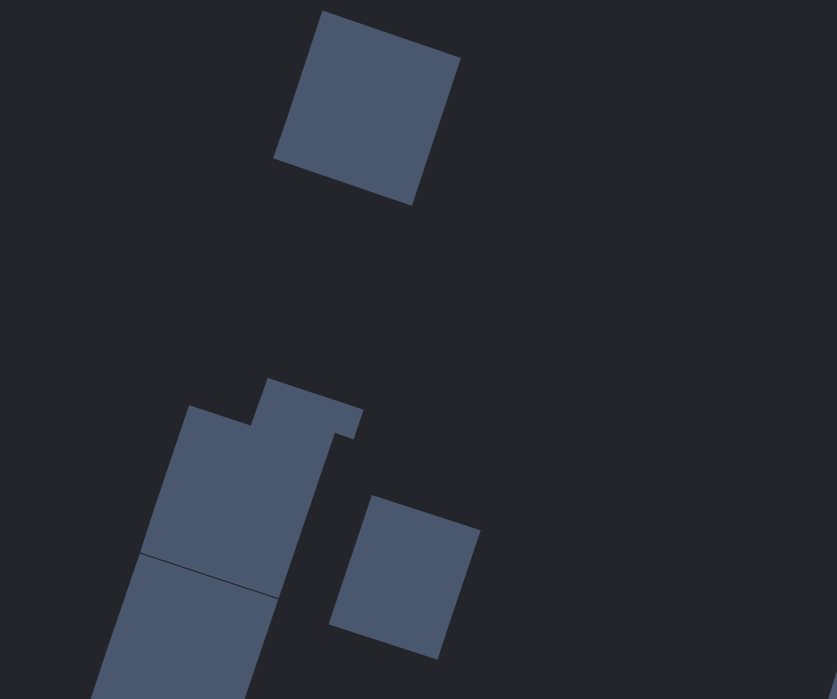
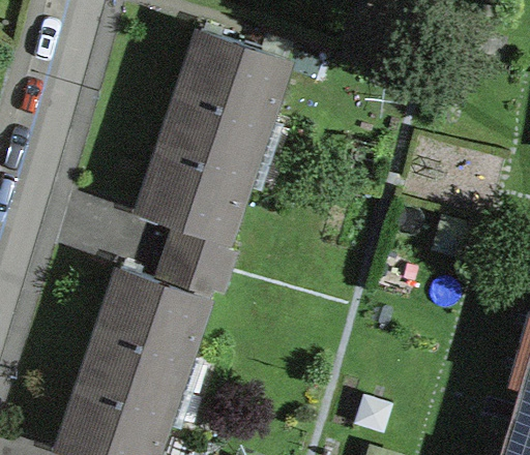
building: none -> [141,121,257,273]
building: [328,494,482,661] -> none

